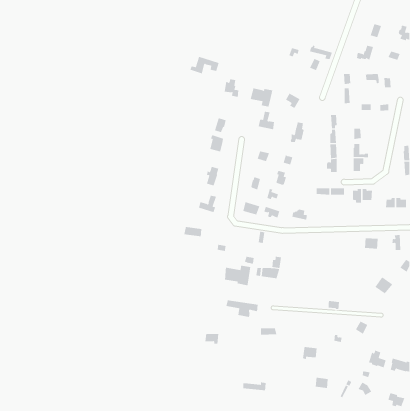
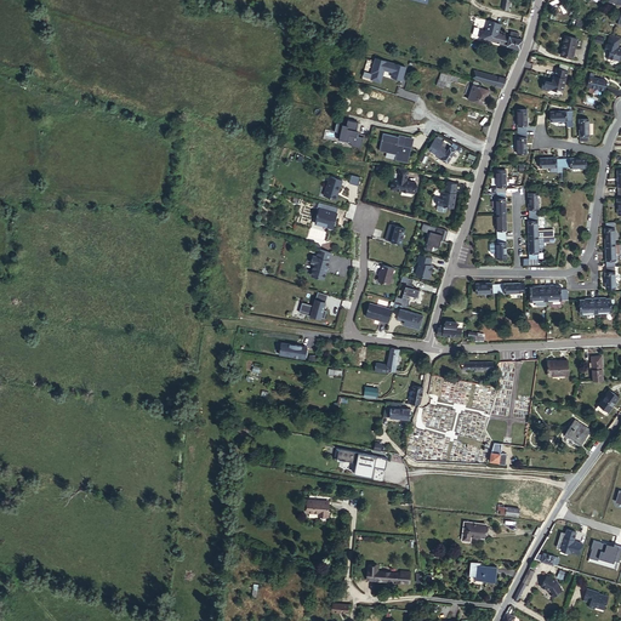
building: none -> [472,19,517,47]
building: [190,56,219,74] -> [359,56,404,82]
building: [224,265,251,286] -> none

